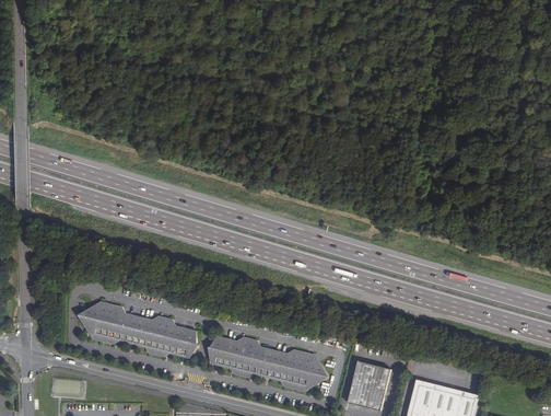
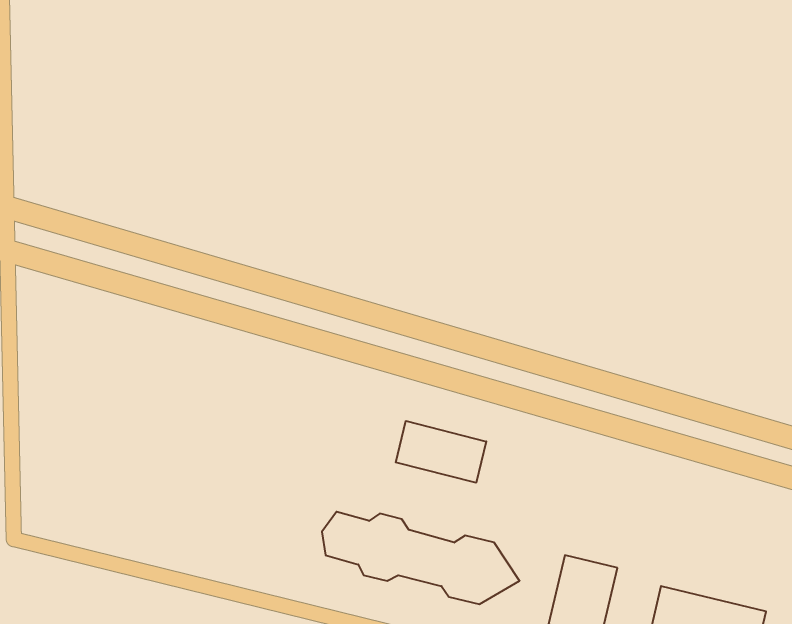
building: none -> [396,421,486,483]
building: [81,301,201,357] -> none

